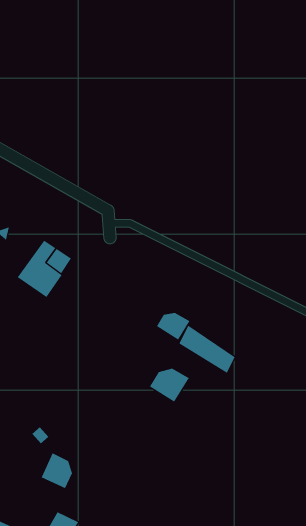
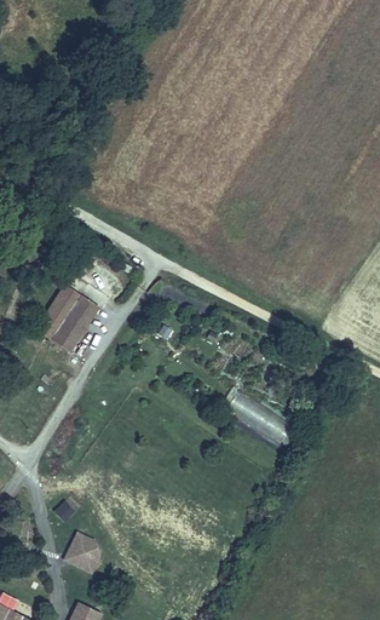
building: [156,312,190,340] -> none
building: [149,368,189,402] -> none

